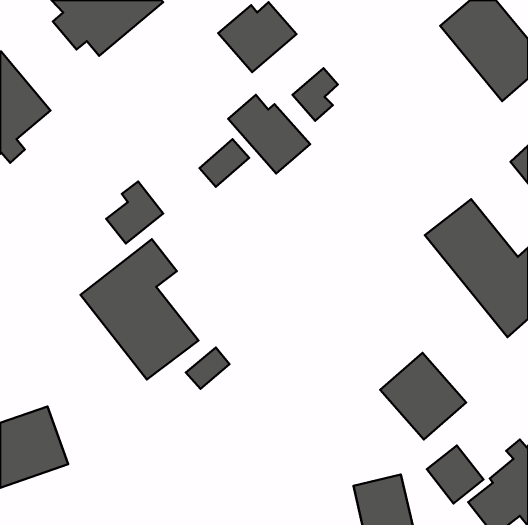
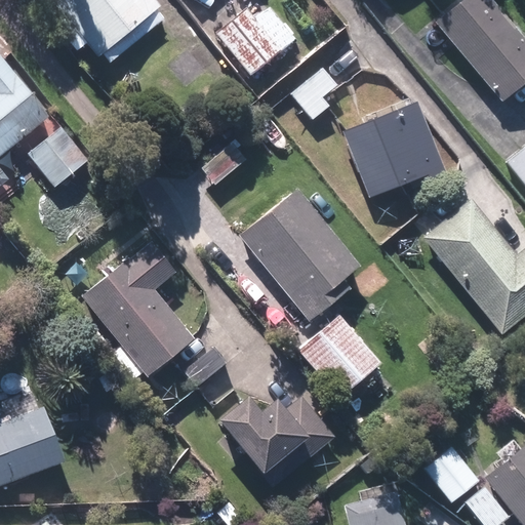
building: [228,95,310,174] -> none
building: none -> [340,100,449,198]
building: [106,182,163,244] -> [32,125,88,187]
building: none -> [240,190,363,323]
building: [380,353,466,439] -> [298,314,383,400]
building: none -> [218,393,333,488]

